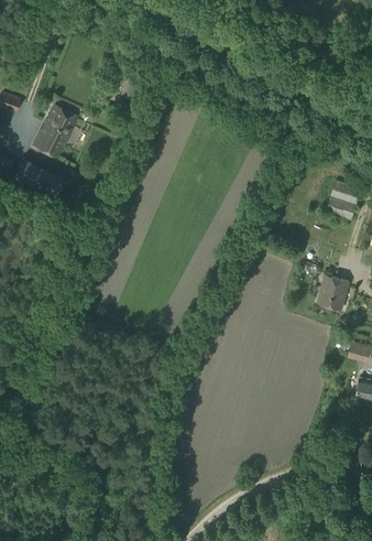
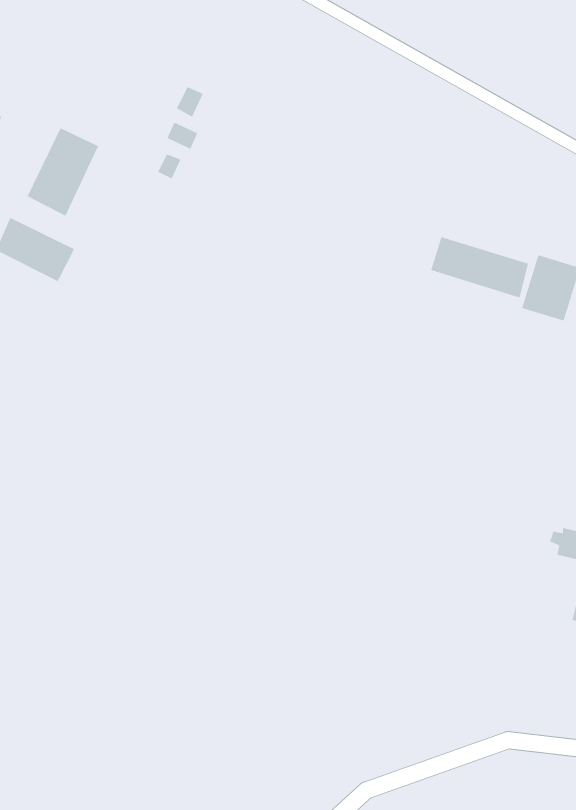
building: none -> [430,236,529,298]
building: [317,275,348,309] -> none

